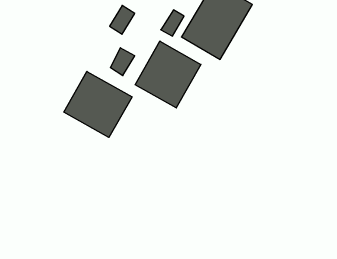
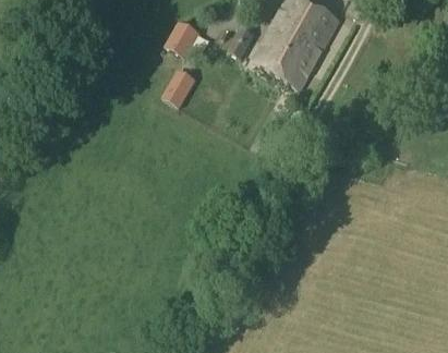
building: [135,41,201,108] -> none
building: [64,71,132,137] -> none

